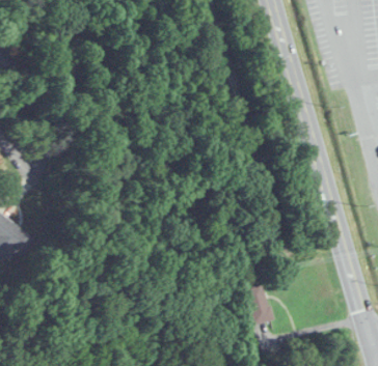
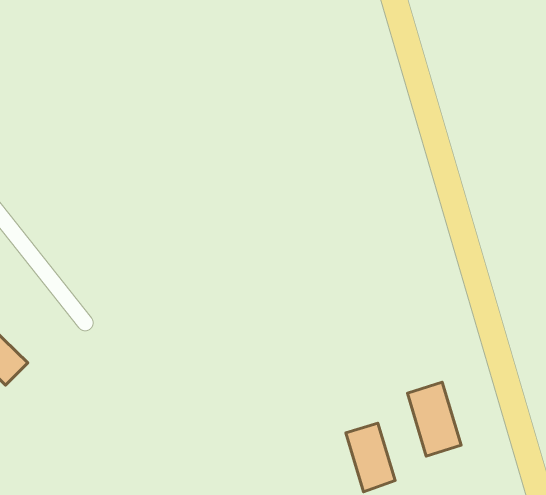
building: none -> [407,382,461,456]

